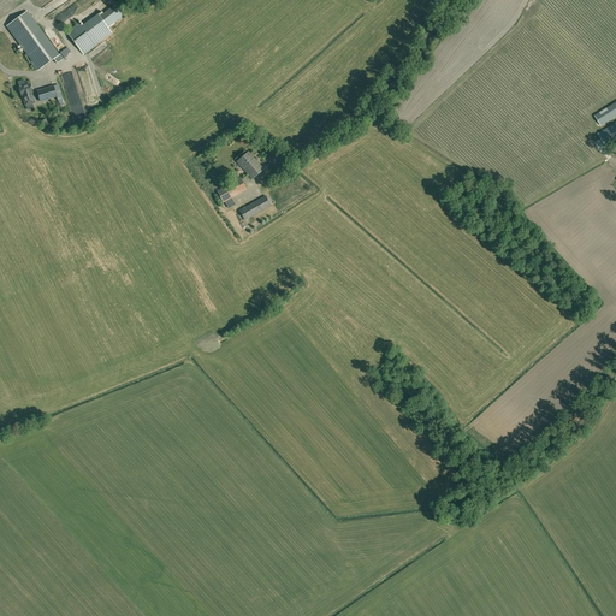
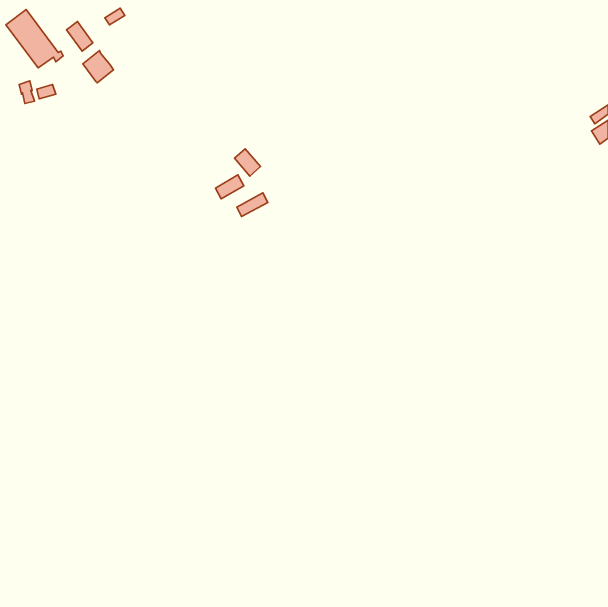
building: [81,12,112,45] -> [83,51,114,83]

